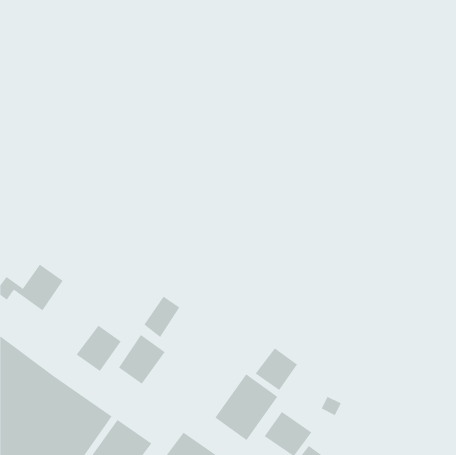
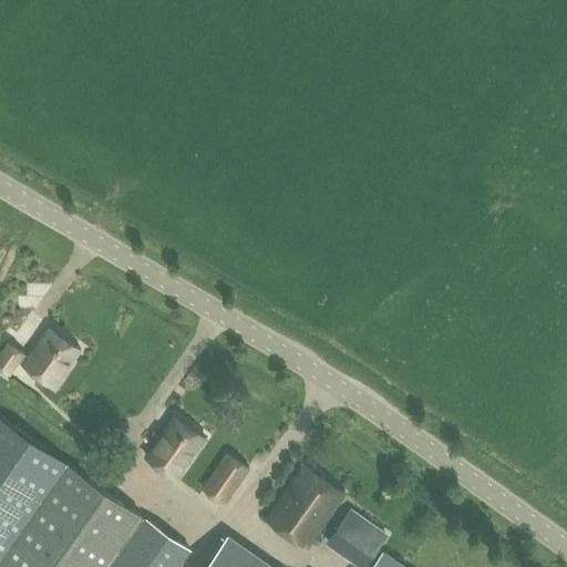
building: [144,296,180,338] -> [200,453,246,505]
building: [76,325,121,372] -> none
building: [255,348,298,391] -> none

